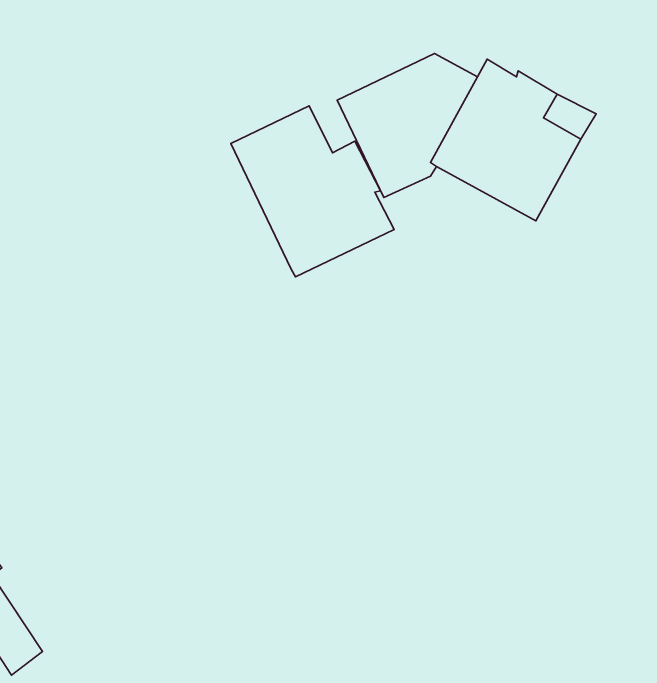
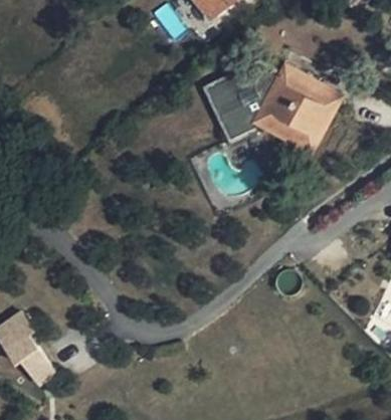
building: [231,106,394,277] -> none

